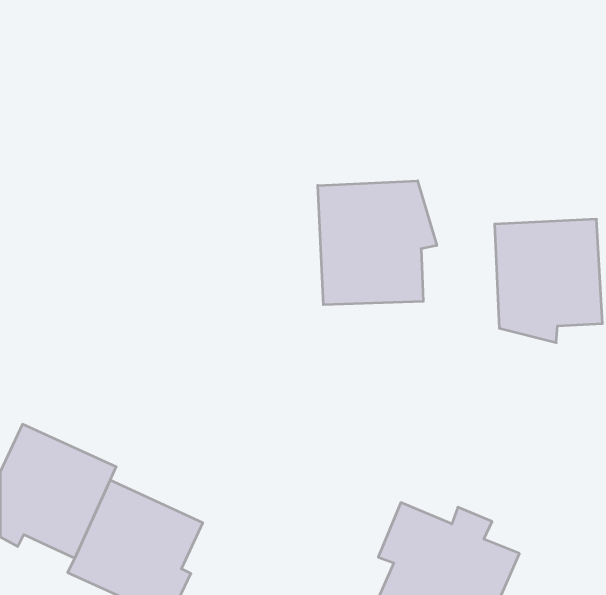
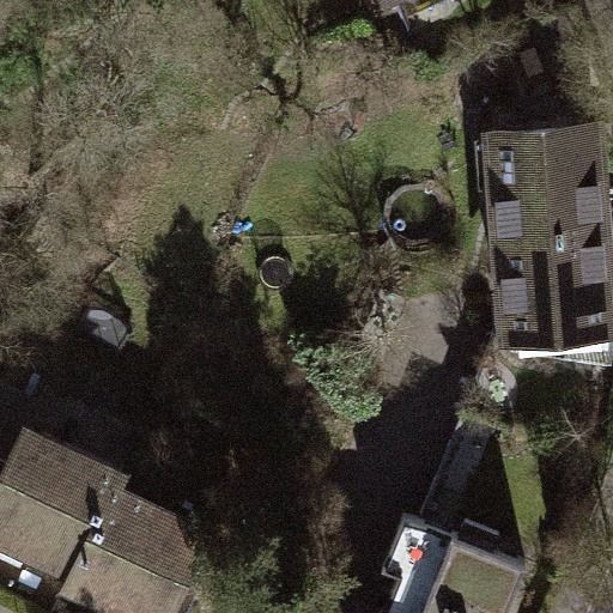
building: none -> [493,132,602,237]
building: [318,181,437,305] -> none

